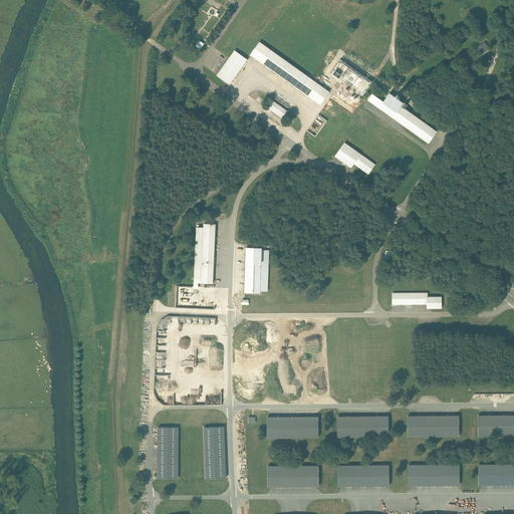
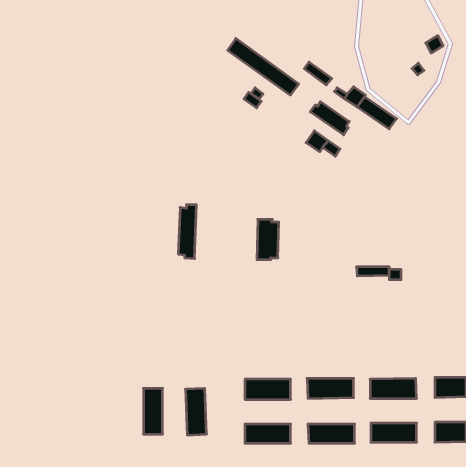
building: [218,51,247,84] -> none
building: none -> [310,102,349,135]
building: [245,248,269,292] -> [257,219,279,260]

